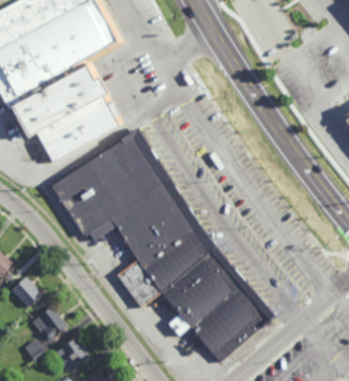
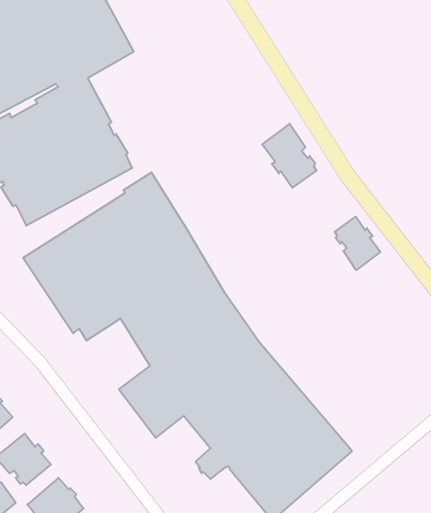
building: none -> [262,124,316,188]
building: none -> [335,217,380,270]

